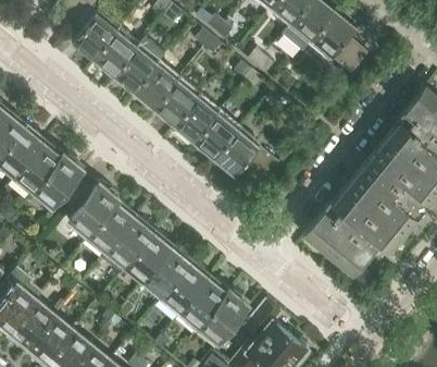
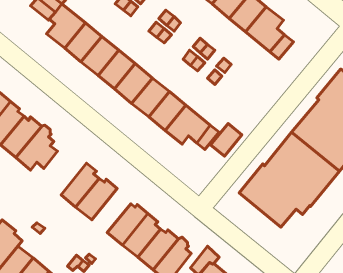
building: none -> [211,124,242,156]
building: [67,184,118,236] -> none
building: [125,229,172,282] -> none

